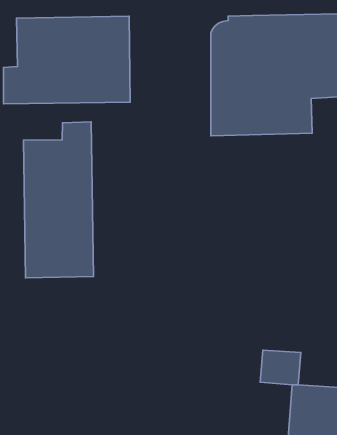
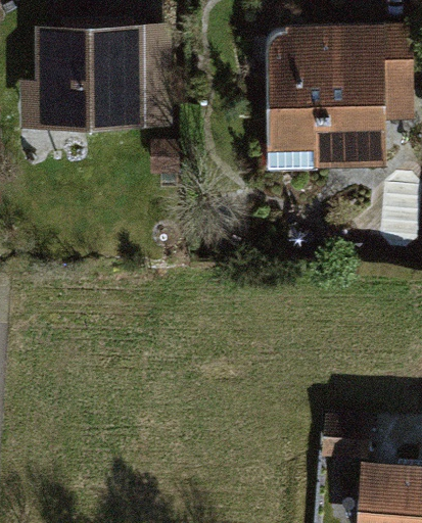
building: [24,122,93,278] -> none

